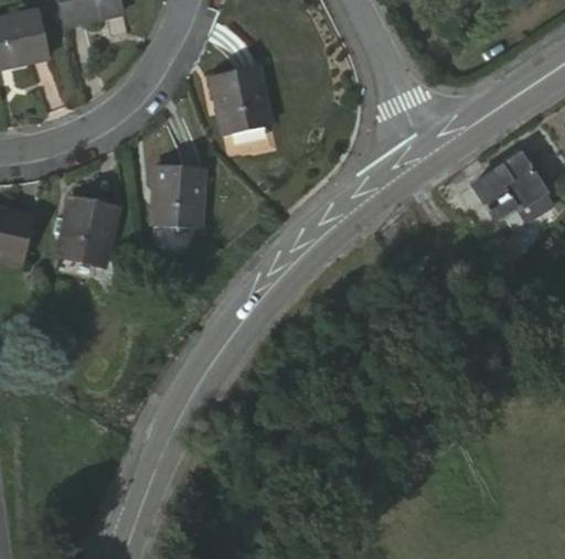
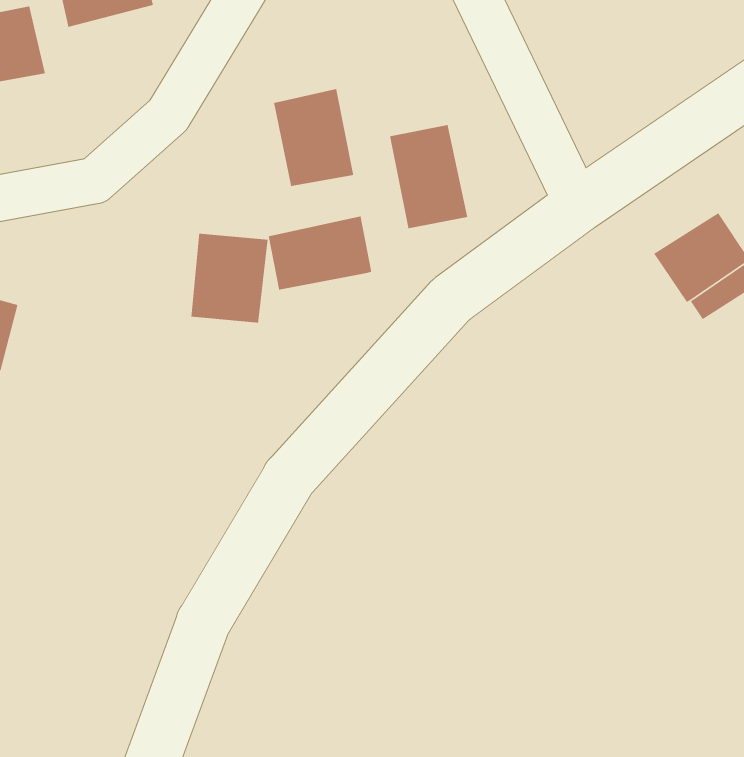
building: none -> [389,124,468,229]
building: none -> [268,215,372,290]
building: [57,193,119,264] -> none

